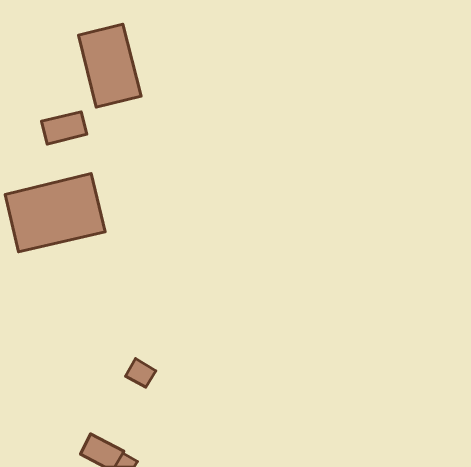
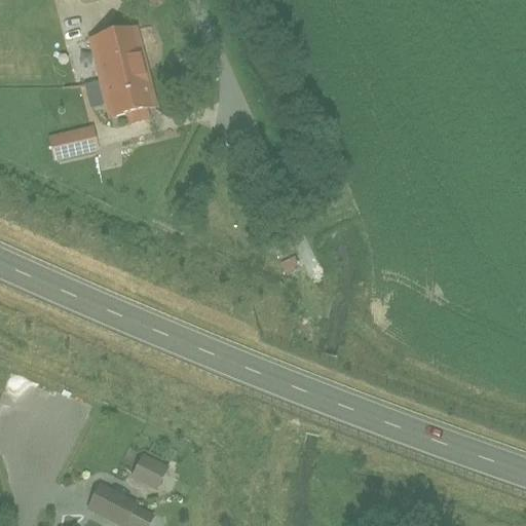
building: [5,174,105,252] -> none
building: [125,359,156,387] -> [133,453,166,485]

